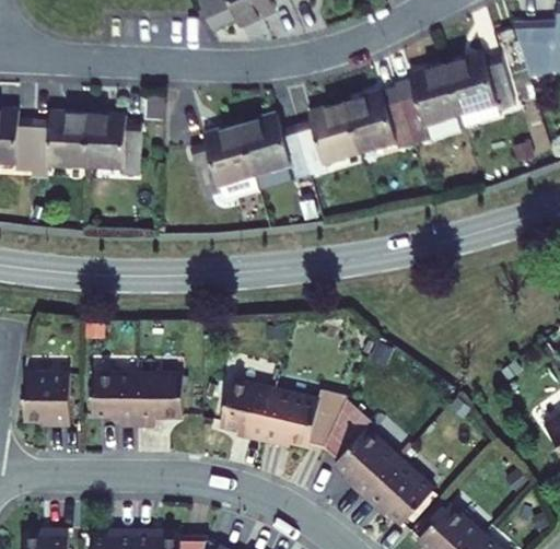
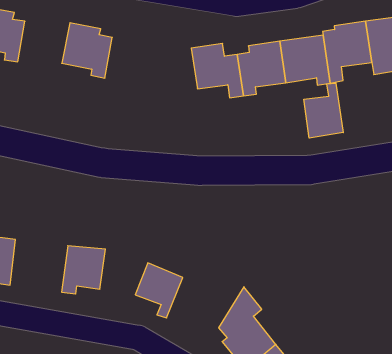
building: [42,107,98,166] -> none
building: [200,120,269,196] -> none
building: none -> [304,83,343,138]
building: [89,379,132,436] -> none
building: [264,389,354,456] -> none

